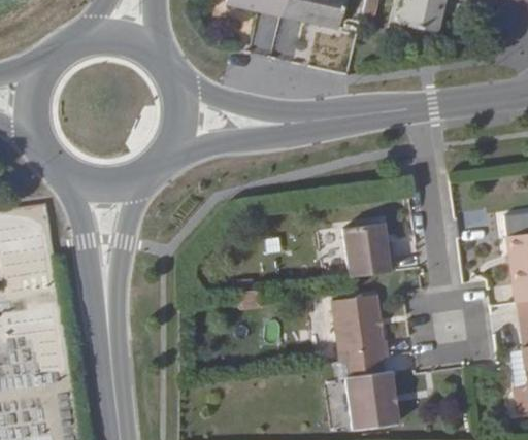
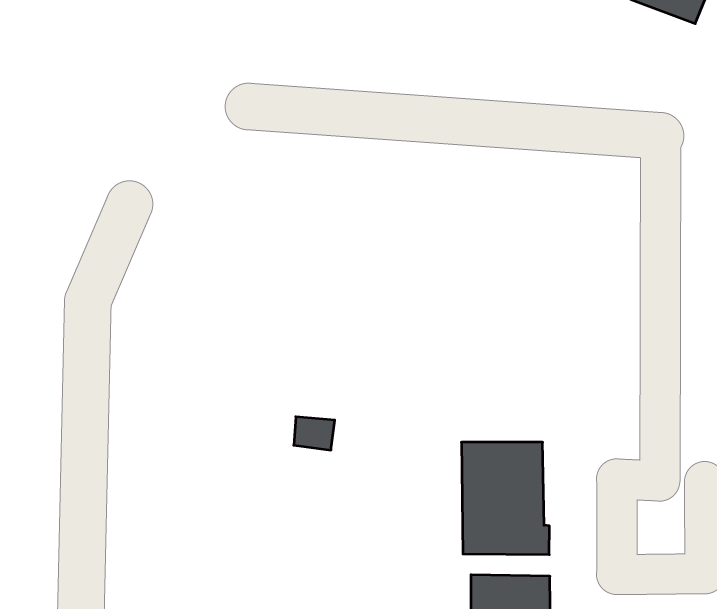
building: [341,221,397,274] -> none

